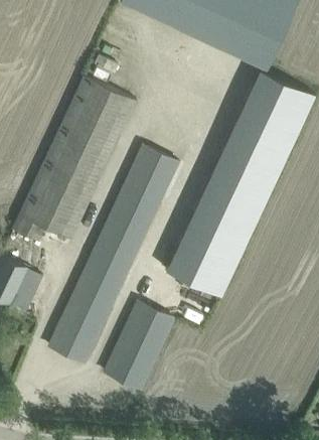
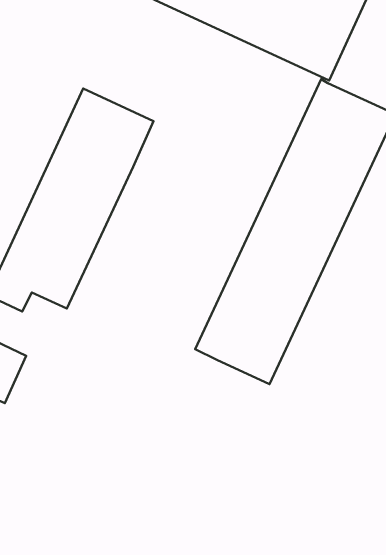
building: [48,146,179,364] -> none
building: [104,302,174,391] -> none

